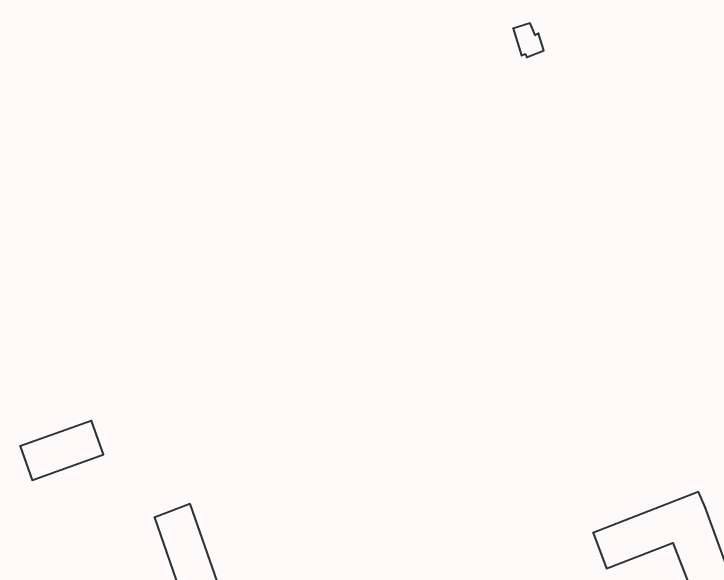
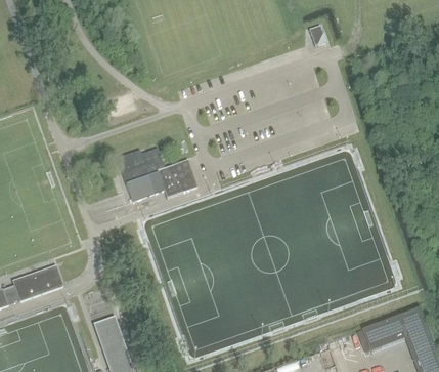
building: none -> [117,147,197,200]

